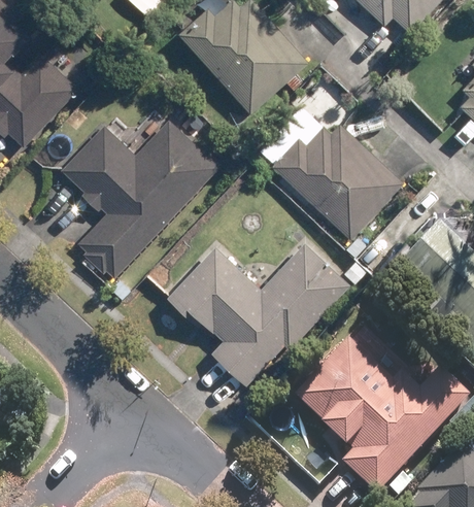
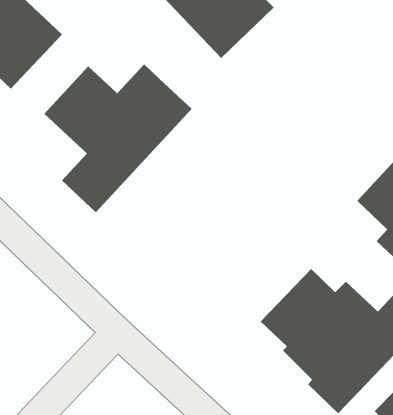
building: [270,105,402,241] -> none
building: [163,240,352,384] -> none

